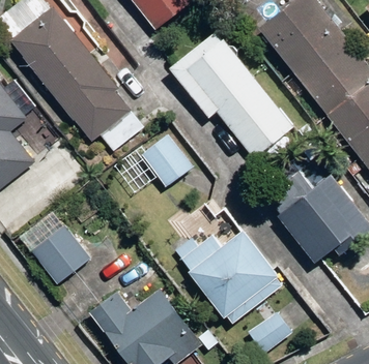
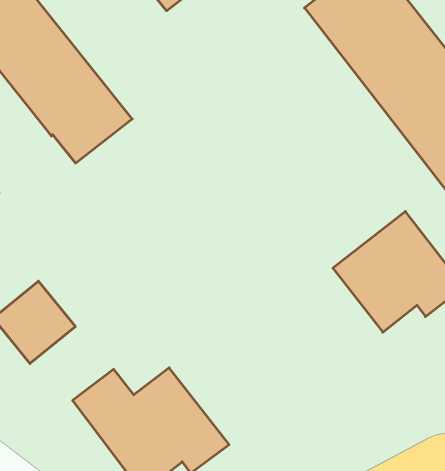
building: [168,32,294,158] -> none
building: [140,132,194,187] -> none
building: [174,230,283,325] -> none

